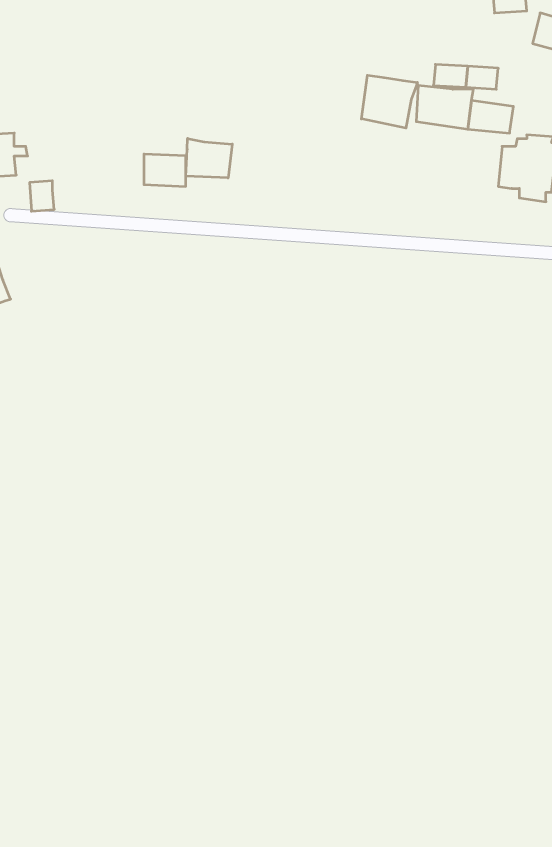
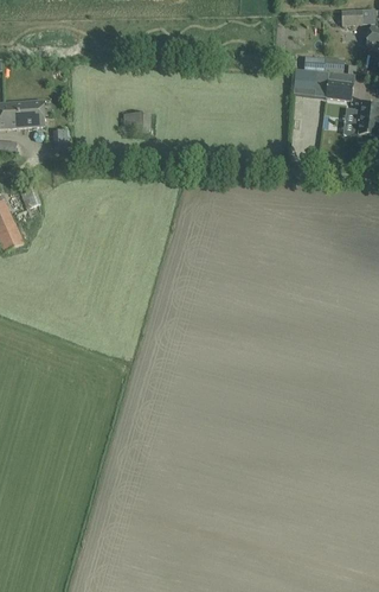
building: [361,75,417,128] -> none
building: [186,138,232,178] -> none

